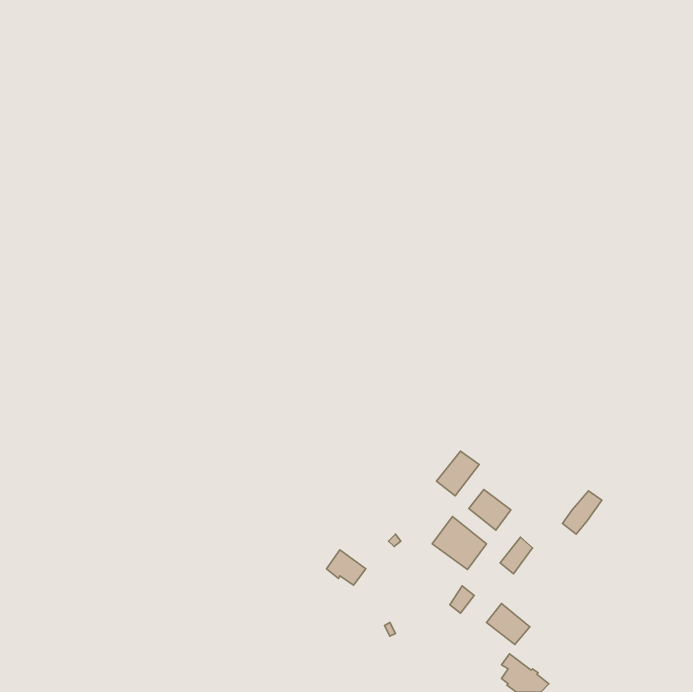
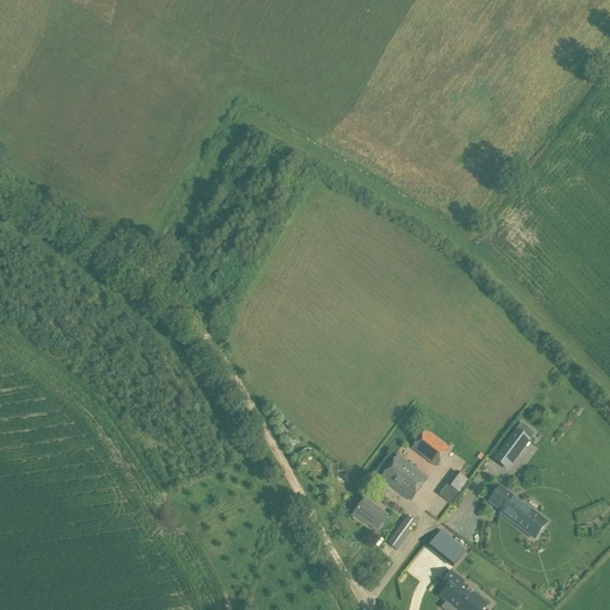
building: [436,451,479,496] -> none
building: [326,550,366,585] -> [351,497,386,528]
building: none -> [490,485,546,529]

